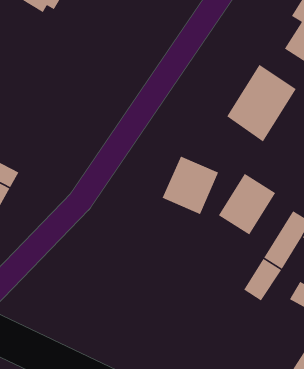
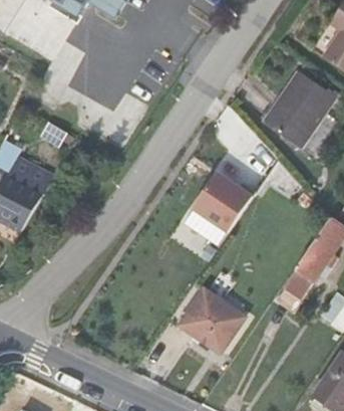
building: [218,173,276,236] -> none
building: none -> [180,290,246,356]

